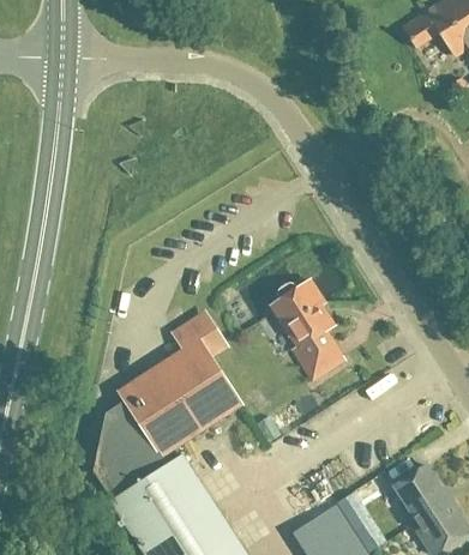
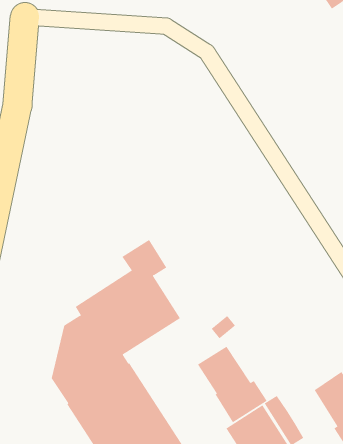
building: [272,283,343,380] -> none
building: none -> [197,346,267,423]

